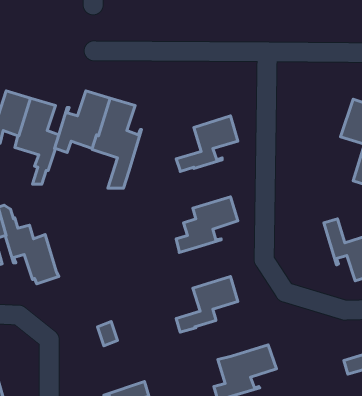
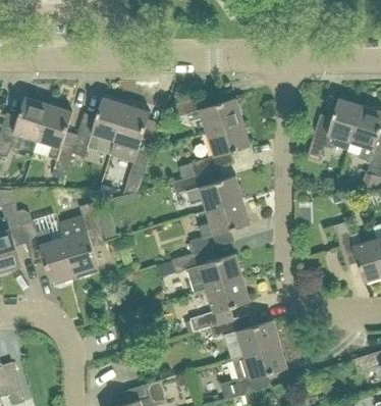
building: none -> [172,92,242,133]
building: none -> [307,98,362,158]
building: none -> [171,171,242,211]
building: none -> [59,202,104,277]
building: none -> [171,250,242,292]
building: none -> [208,313,279,355]

